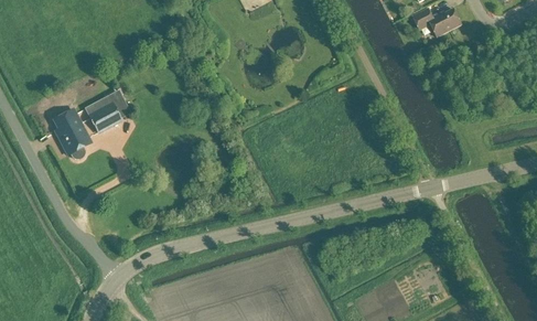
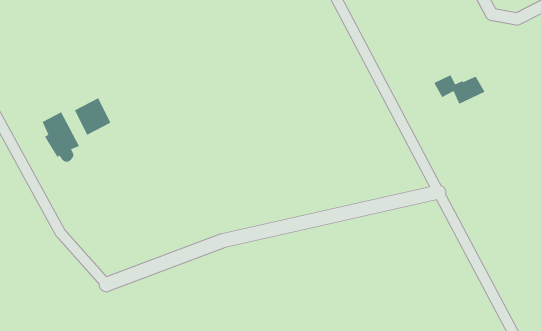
building: [411,7,461,35] -> [434,75,486,105]

